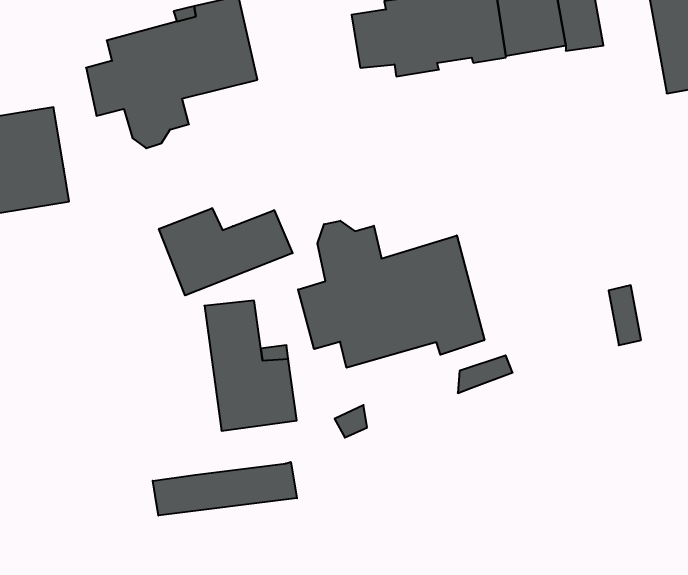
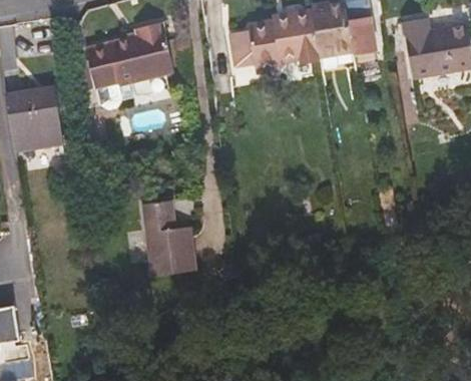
building: [159,208,293,295] -> none
building: [298,221,484,368] -> none
building: [153,462,297,516] -> none

